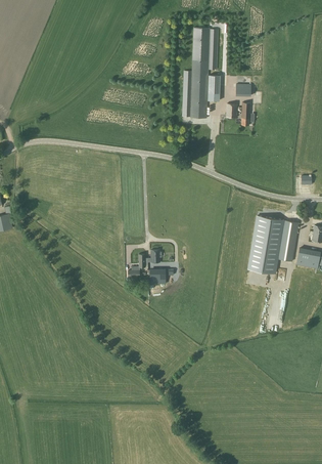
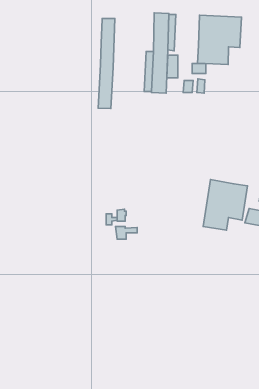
building: none -> [197,15,241,64]
building: none -> [98,18,115,108]

